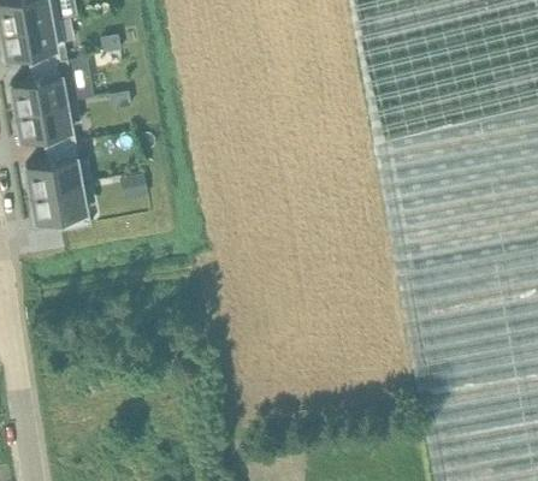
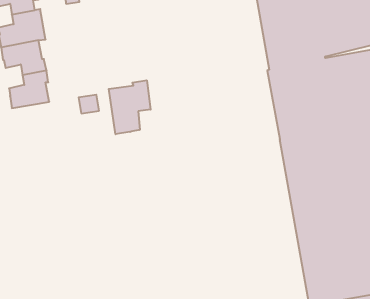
building: none -> [109,80,151,134]
building: [29,174,90,221] -> none

